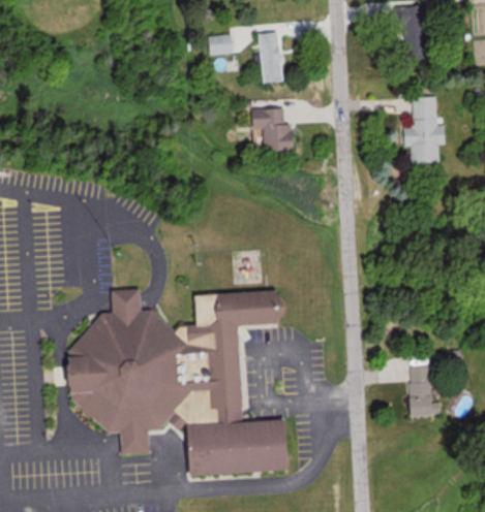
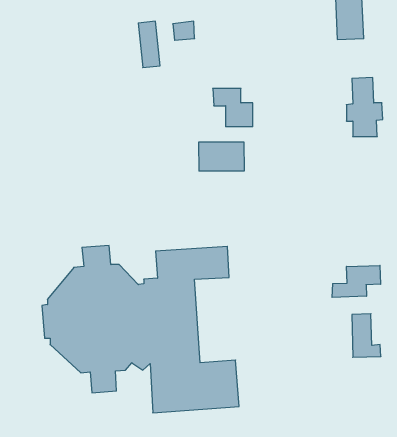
building: [262,31,286,84] -> [138,21,160,68]
building: none -> [199,142,244,171]
building: none -> [332,265,381,297]

